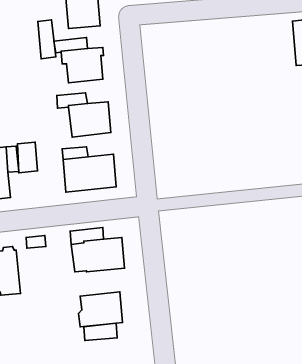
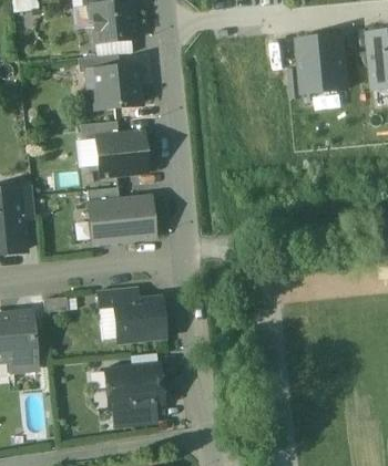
building: [38,20,56,59] -> none
building: none -> [299,37,346,92]
building: [18,142,37,173] -> none

